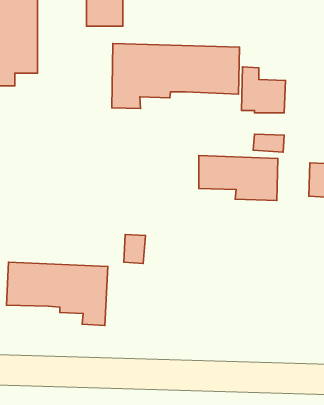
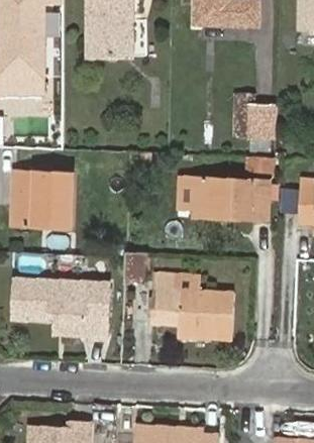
building: [112,43,240,109] -> none
building: none -> [13,169,73,228]
building: none -> [152,272,234,335]

